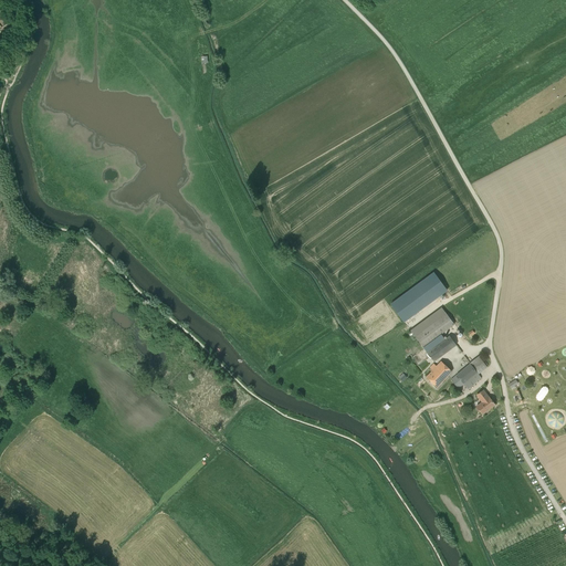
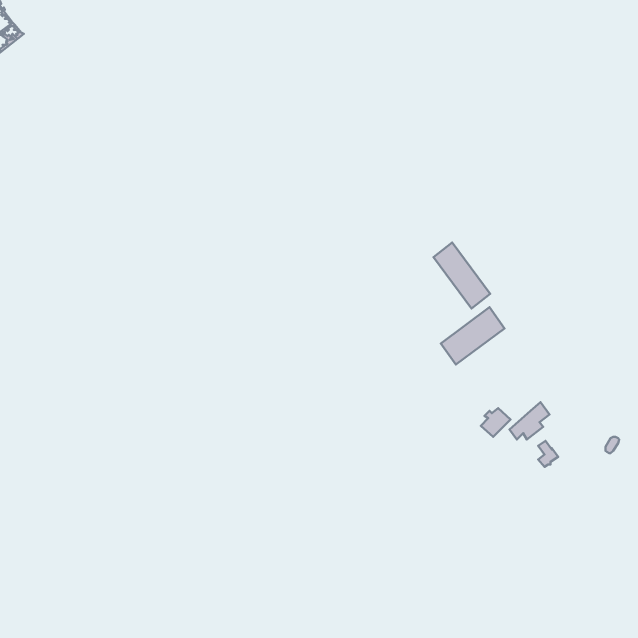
building: none -> [433,242,490,308]
building: [410,307,455,361] -> none

